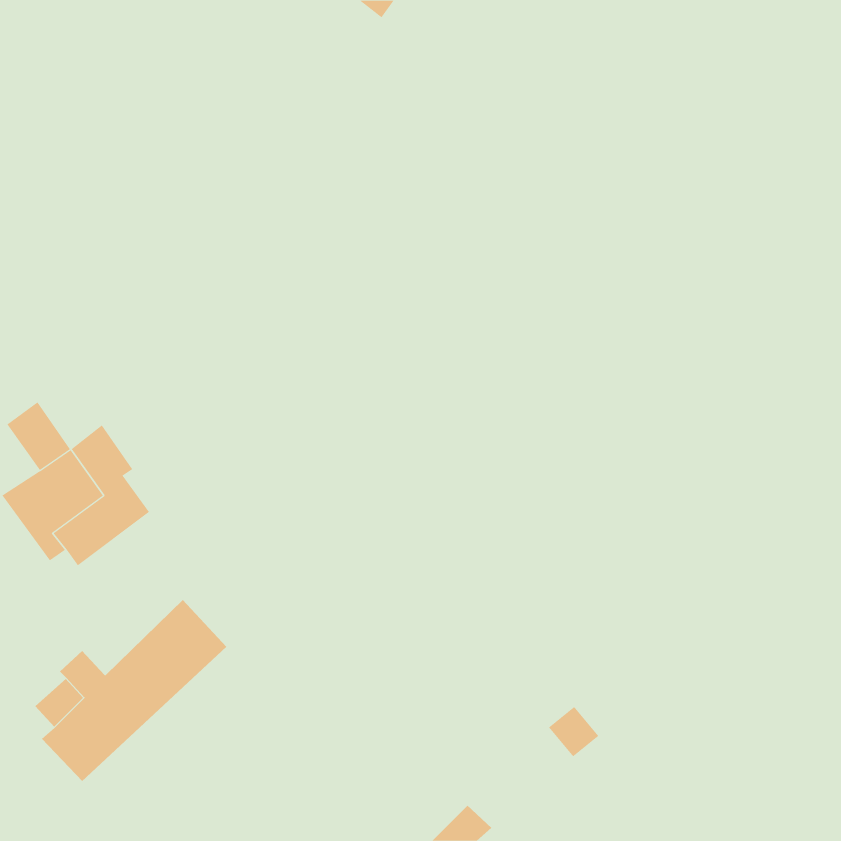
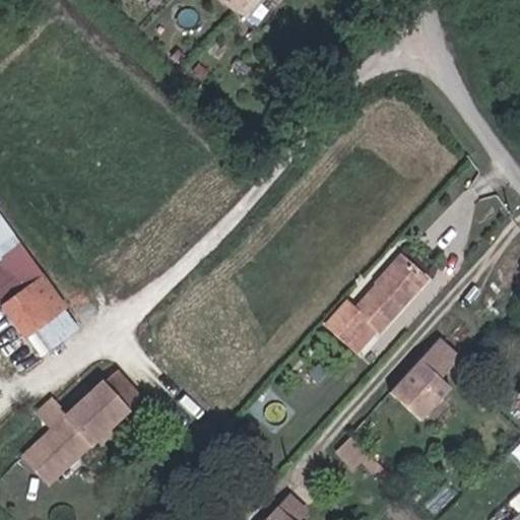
building: none -> [327,259,427,344]
building: none -> [388,340,458,422]

